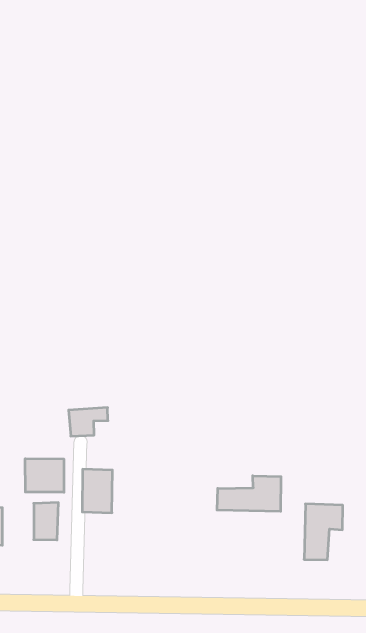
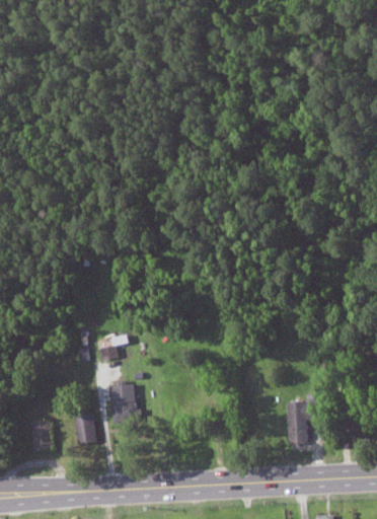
building: [25,459,64,492] -> none
building: [217,476,281,511] -> none

